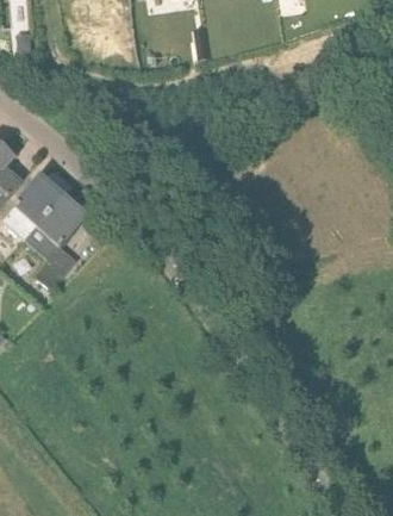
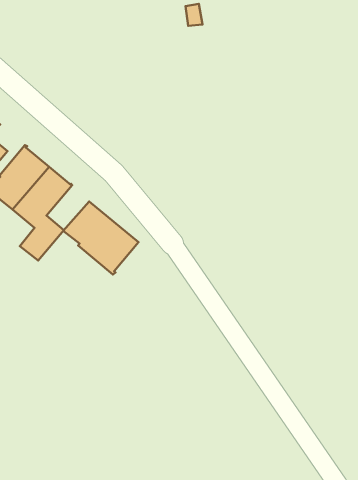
building: none -> [63,201,139,274]

